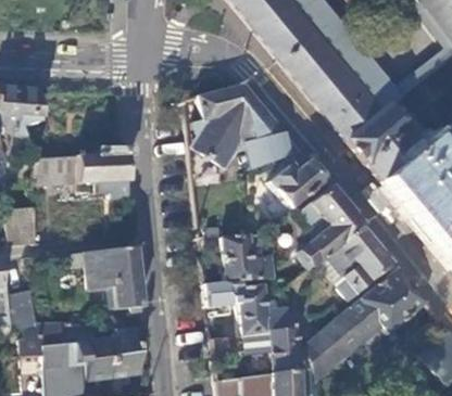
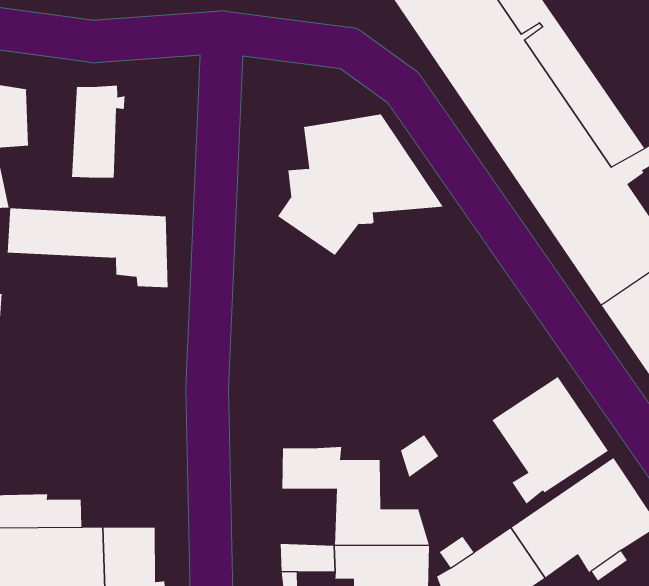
building: none -> [72,85,125,178]
building: [244,132,298,168] -> none
building: [268,161,323,207] -> none
building: [298,187,361,266] -> none
building: [200,233,274,279] -> none
building: [73,248,143,314] -> none

